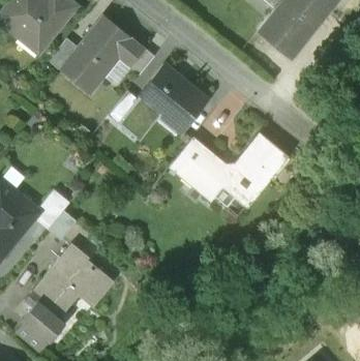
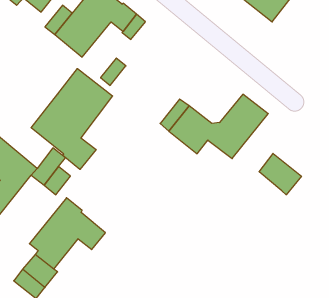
building: [138,66,208,128] -> none
building: none -> [31,69,113,169]
building: none -> [259,153,301,195]

